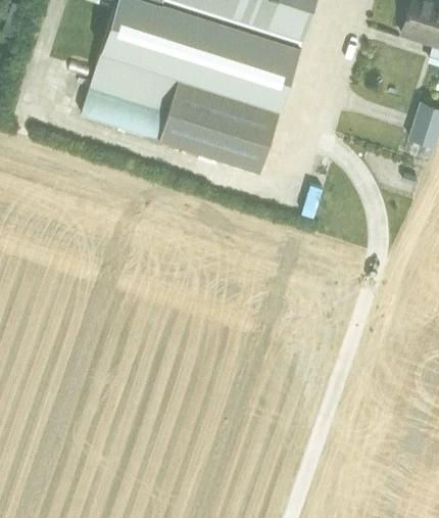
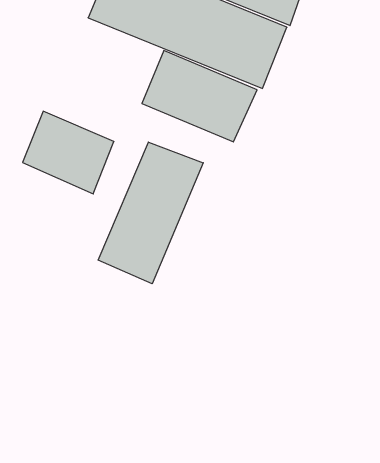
building: [83,59,173,138] -> [23,111,114,194]
building: none -> [98,142,203,284]

